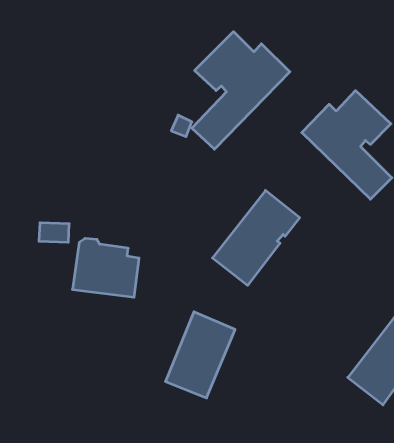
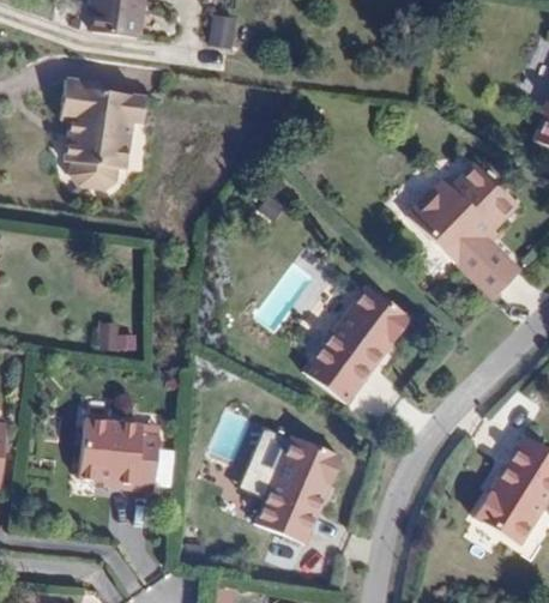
building: none -> [66,82,150,193]
building: [192,32,290,149] -> none
building: [72,238,139,297] -> [77,420,158,492]

